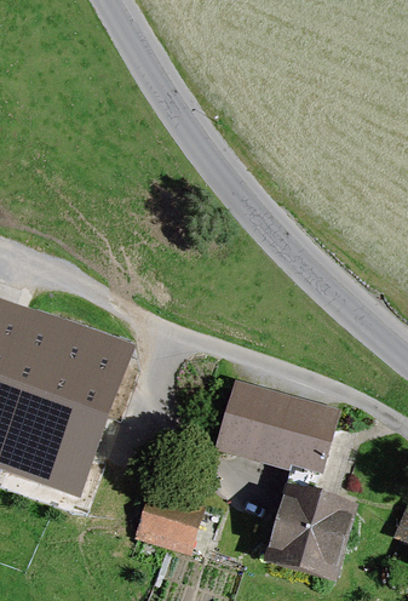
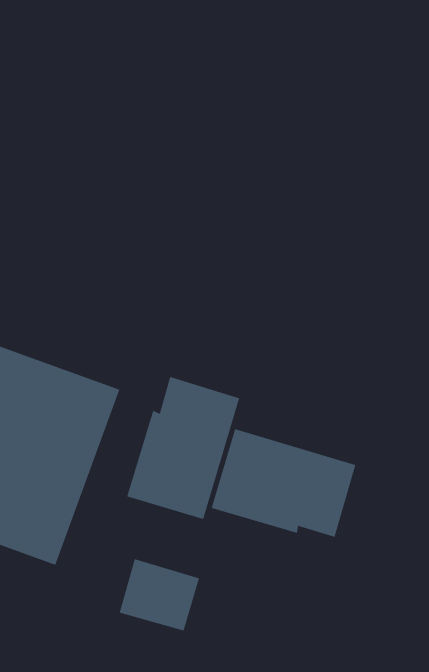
building: none -> [126,376,240,520]
building: [263,482,357,580] -> none

